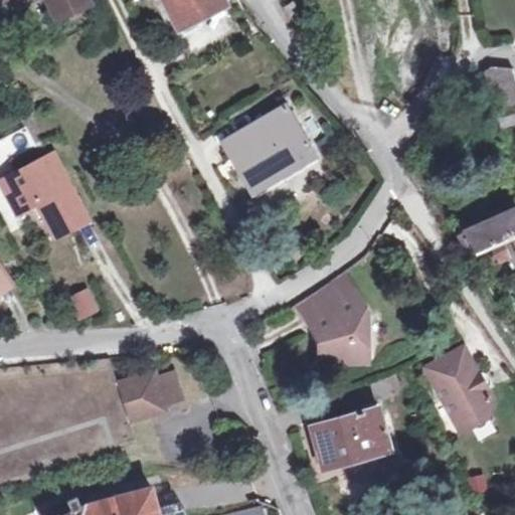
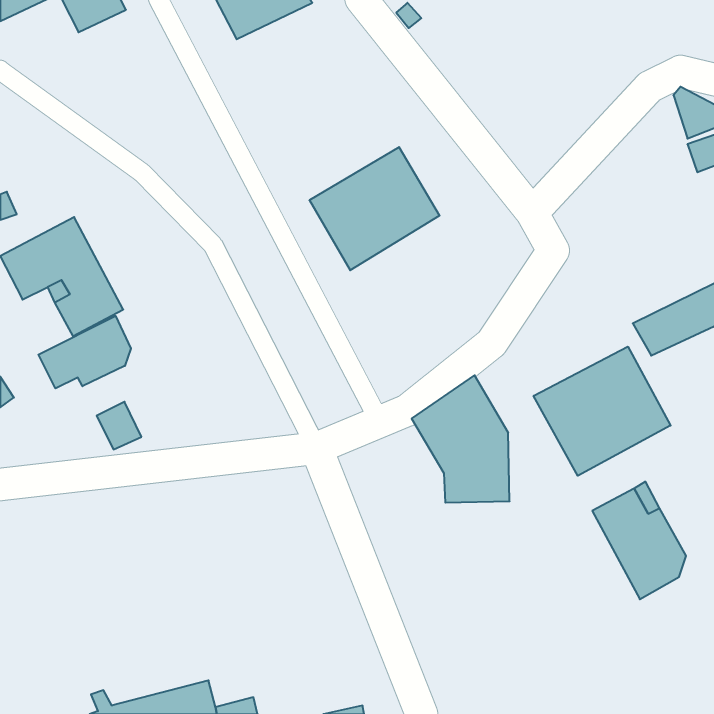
building: none -> [38,316,131,388]
building: none -> [534,347,671,476]
building: [120,373,181,421] -> none
building: [311,406,390,467] -> none

